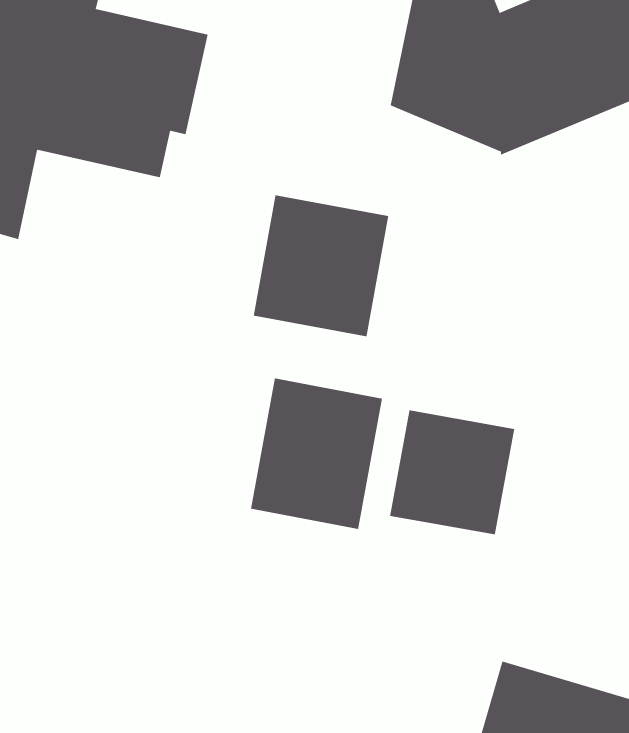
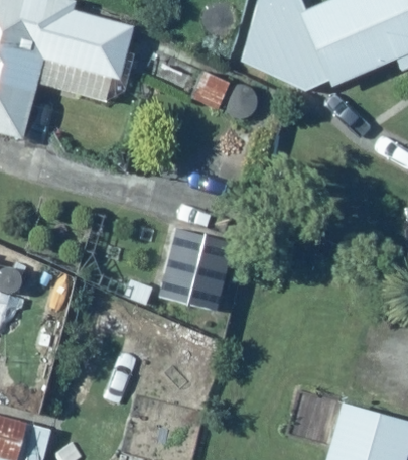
building: [253,195,389,337] -> none
building: [390,410,515,535] -> none

